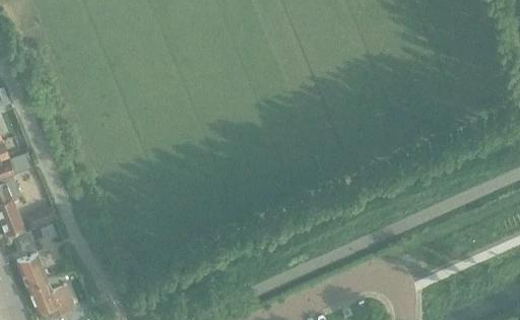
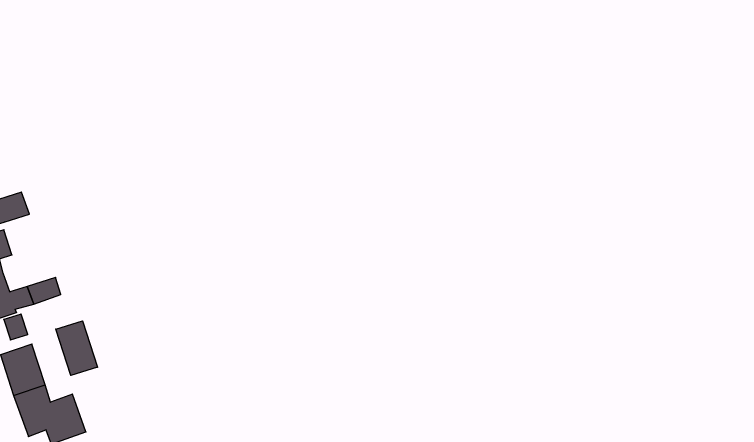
building: none -> [56,321,98,375]

